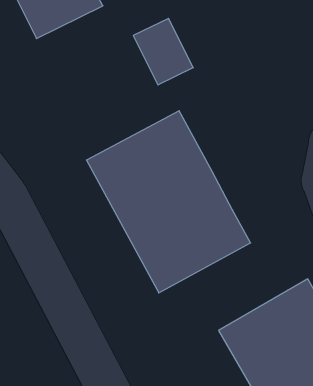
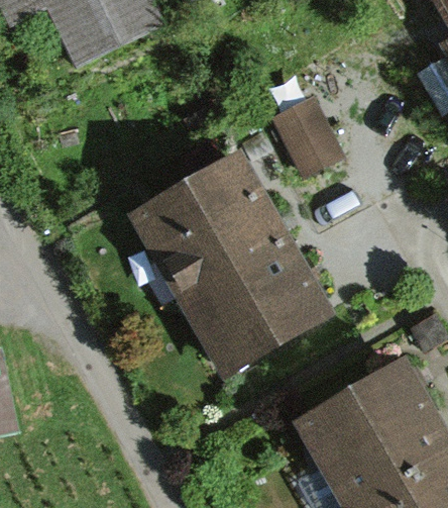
building: [133,18,193,85] -> [271,96,345,178]

